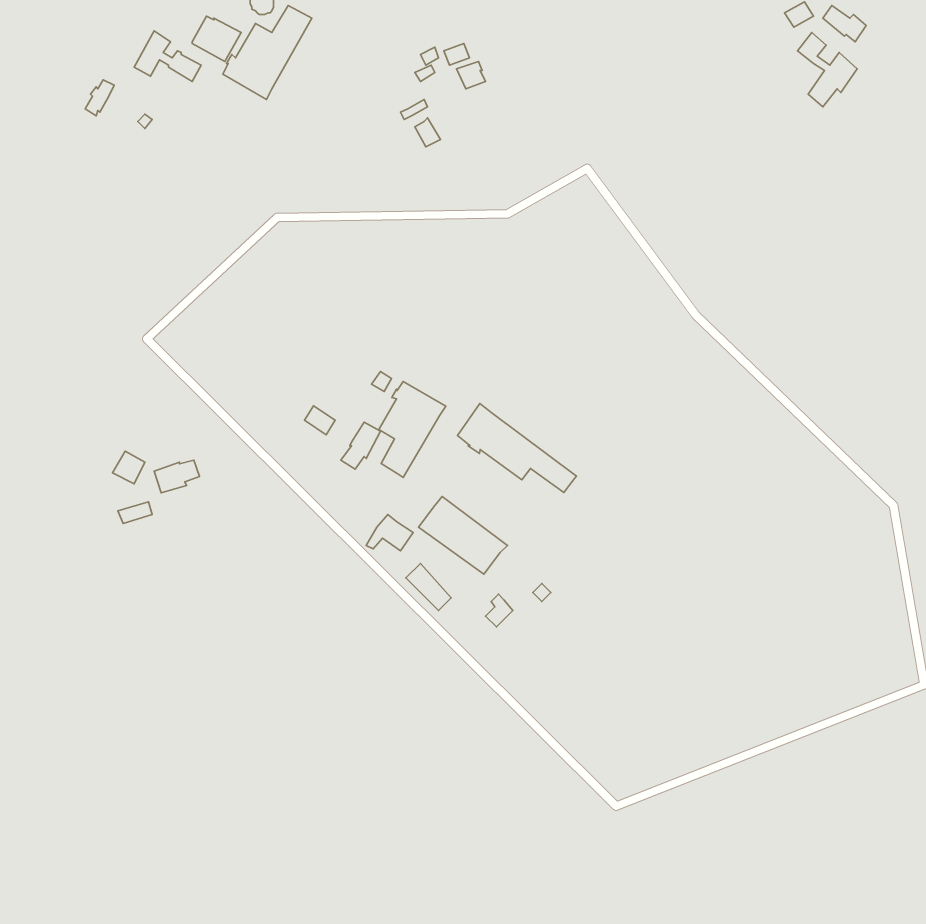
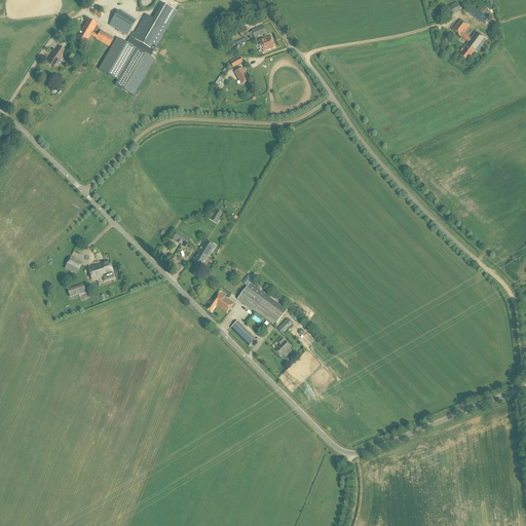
building: none -> [99,37,154,96]
building: [379,382,446,477] -> none
building: [458,404,577,492] -> none

